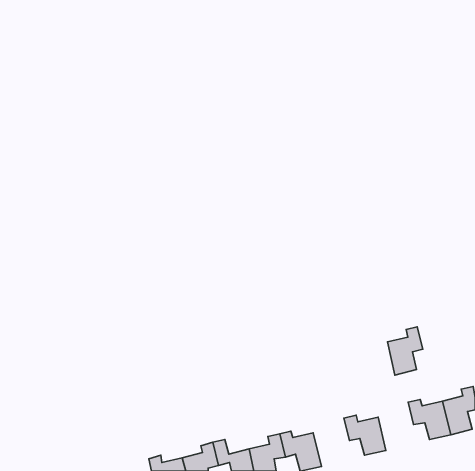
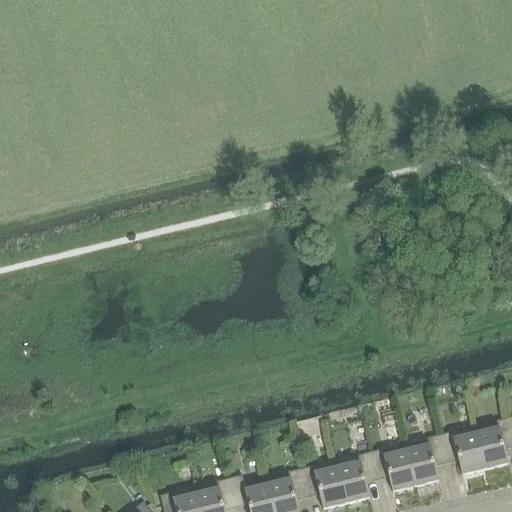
building: [388,327,423,375] -> [407,433,445,485]
building: none -> [337,450,376,502]

